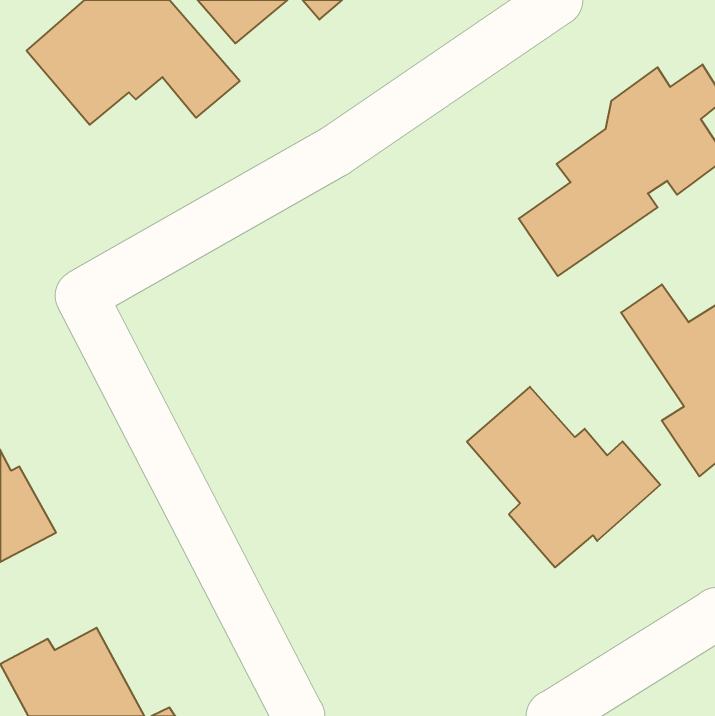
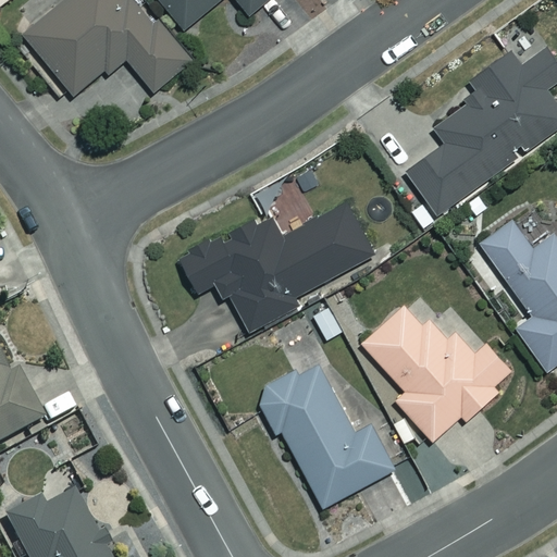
building: none -> [180,203,374,334]
building: none -> [256,361,395,506]

